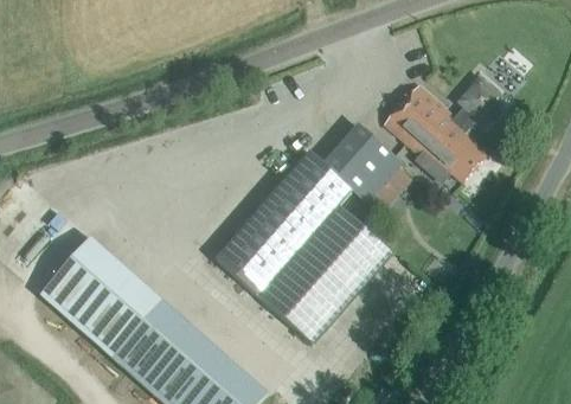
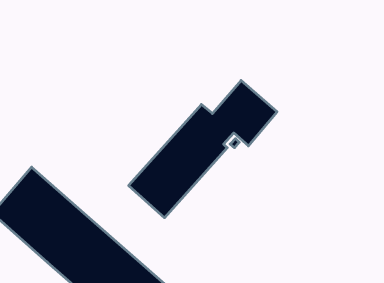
building: [383,79,500,182] -> none
building: [261,209,390,342] -> none

